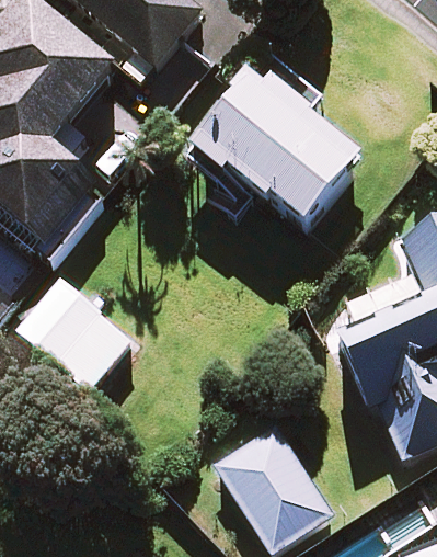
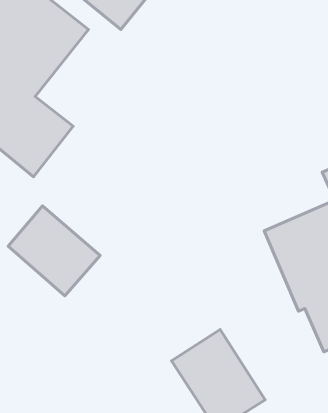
building: [199,66,363,228] -> none

